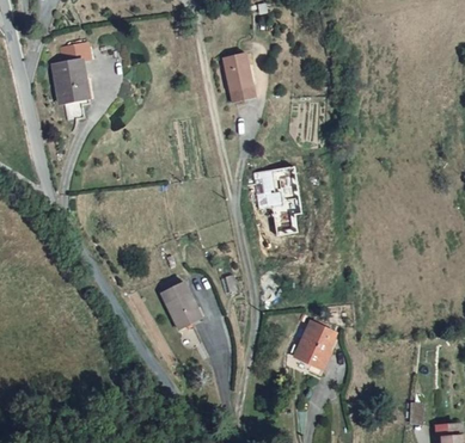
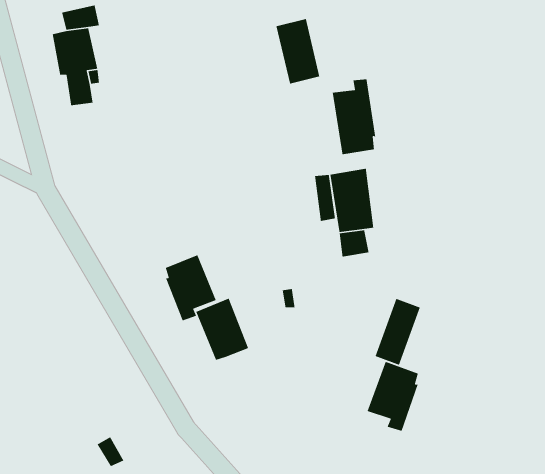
building: none -> [332,79,376,155]
building: none -> [165,254,217,321]
building: none -> [375,298,421,366]

